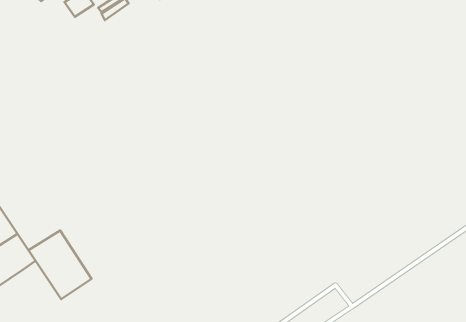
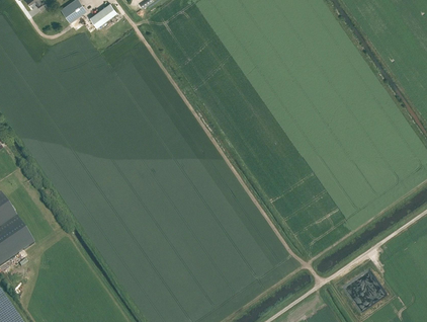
building: [28,230,92,299] -> none

